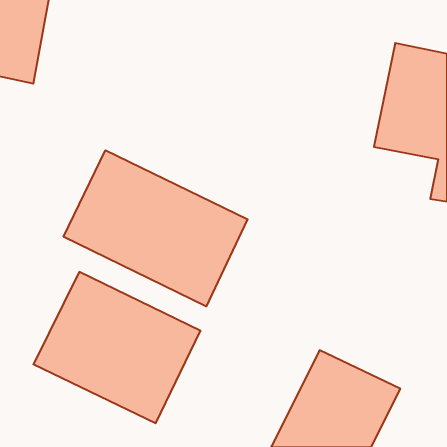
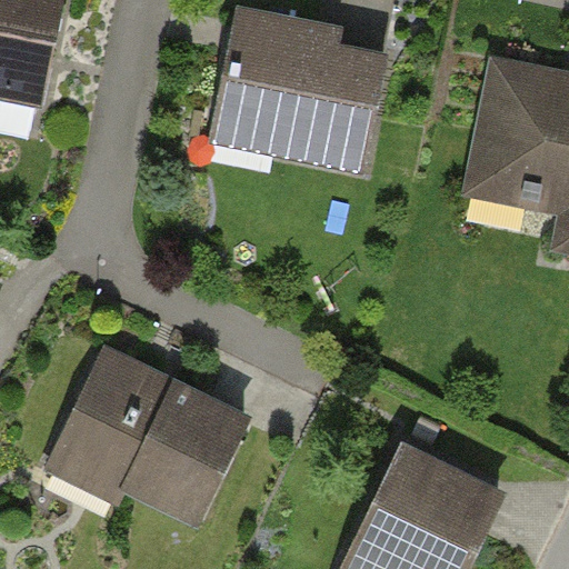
building: none -> [214,7,387,174]
building: [64,150,248,306] -> none

